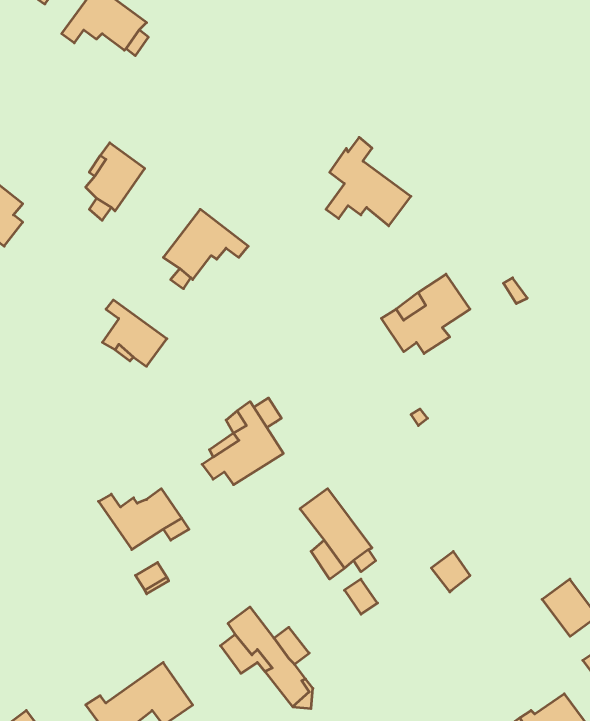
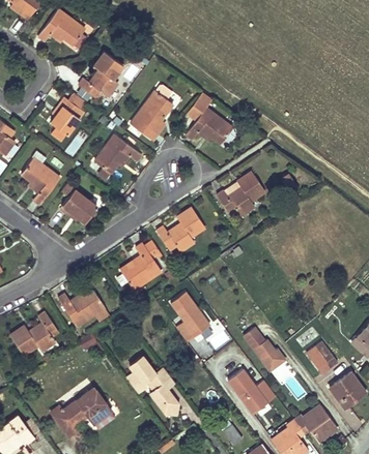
building: none -> [79,52,122,100]
building: none -> [131,91,173,140]
building: none -> [22,151,60,205]
building: none -> [157,207,205,250]
building: none -> [10,311,59,355]
building: none -> [255,338,287,370]
building: none -> [227,367,277,414]

